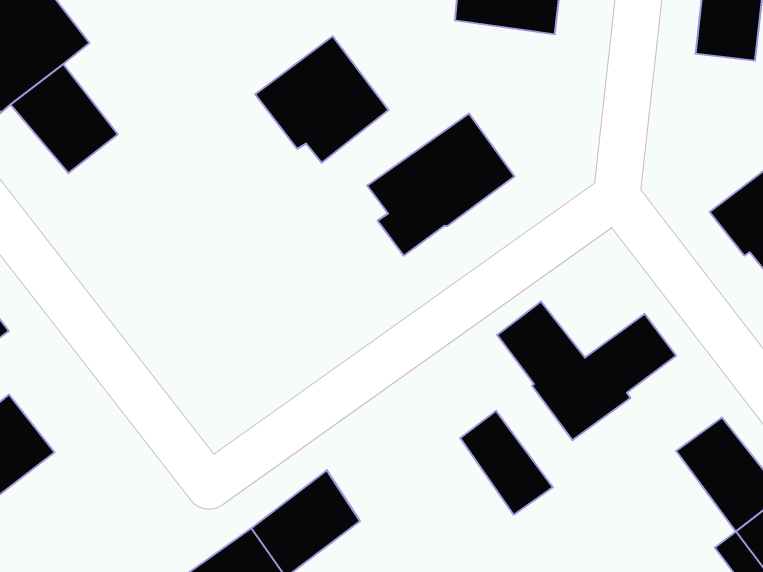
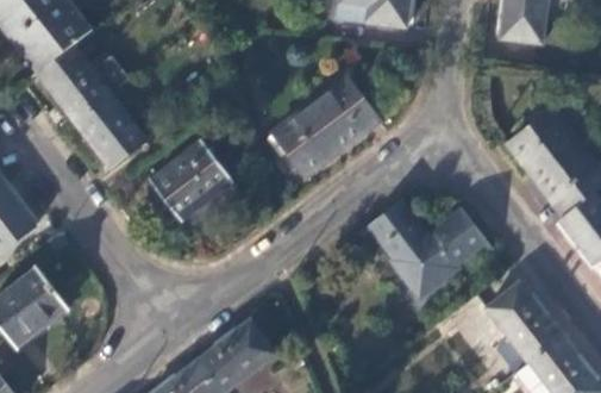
building: [255,36,389,163] -> [151,143,242,229]
building: none -> [76,93,146,166]
building: [460,411,553,515] -> none

